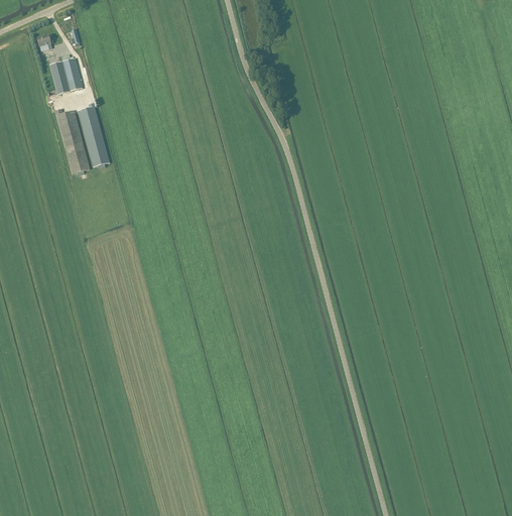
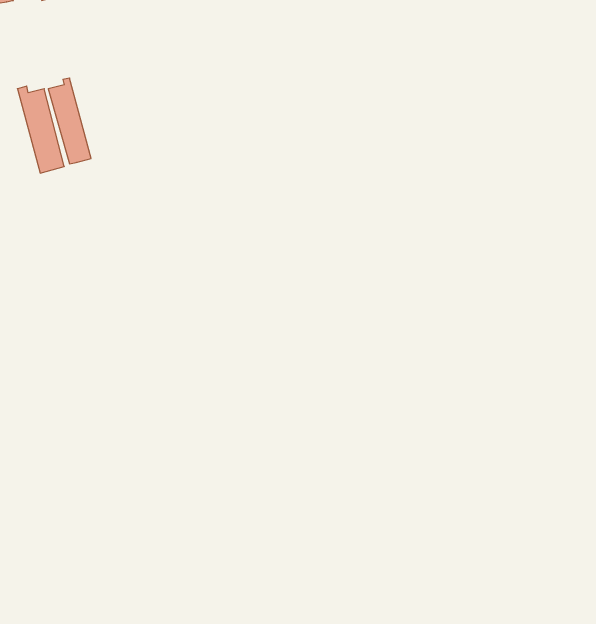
building: [49,57,84,95] -> none

